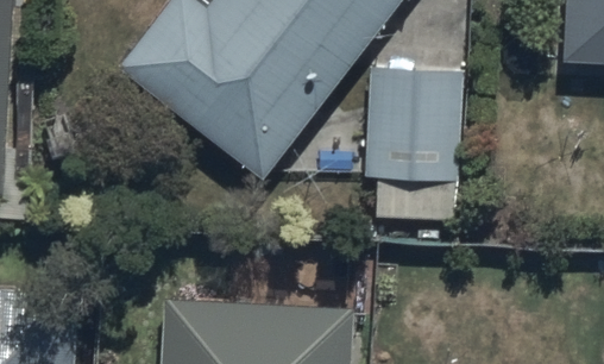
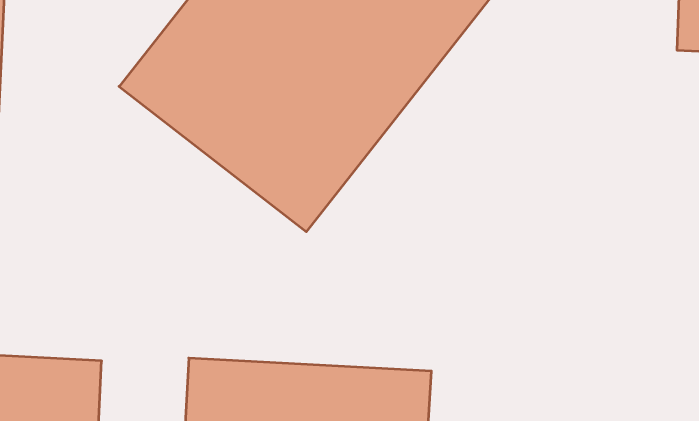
building: [370,64,465,214] -> none

